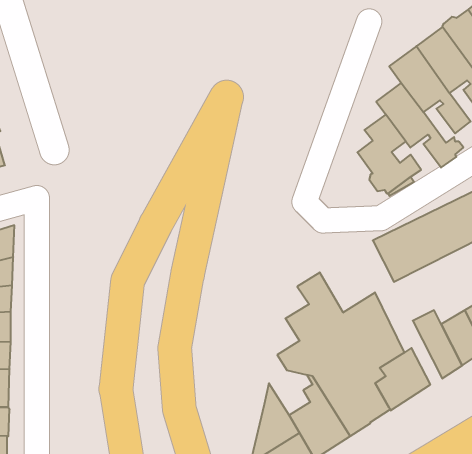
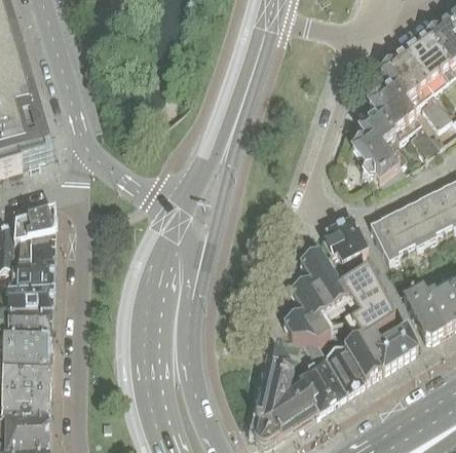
building: none -> [321,215,367,262]

